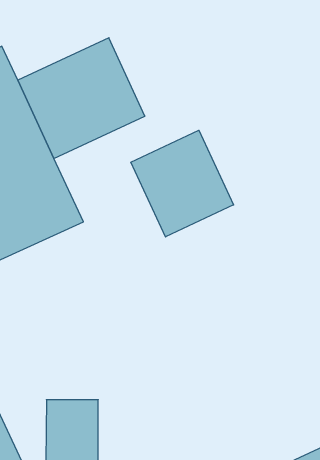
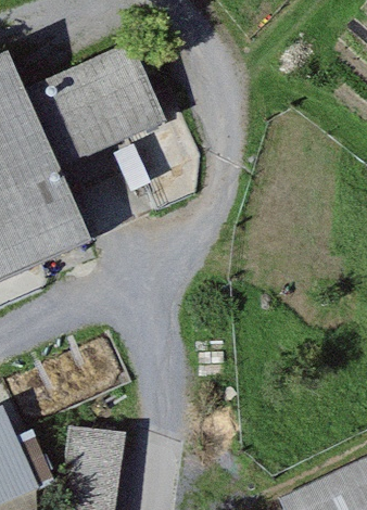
building: [131,130,234,237] -> none

